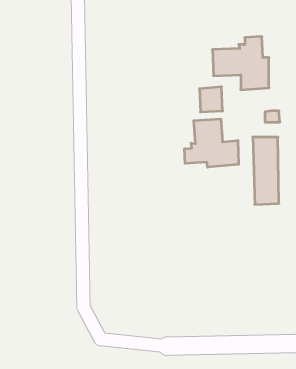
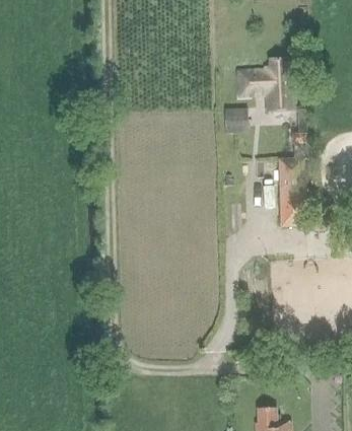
building: [185,119,239,167] -> none

